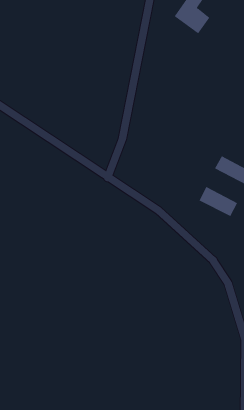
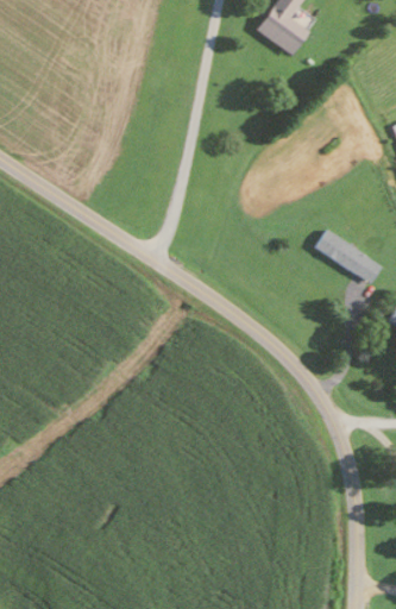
building: [199,186,238,217] -> none

